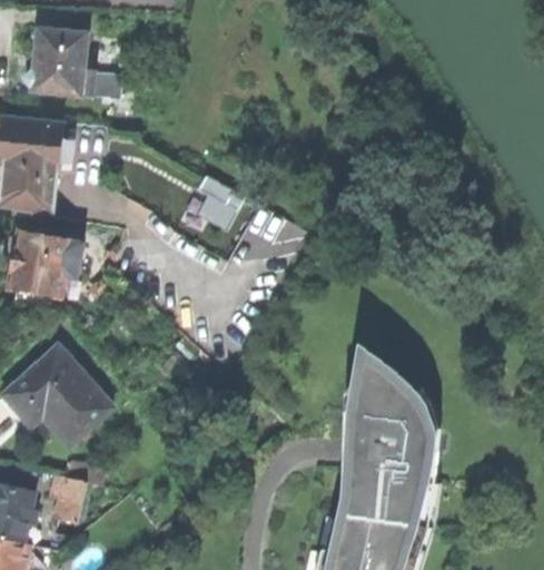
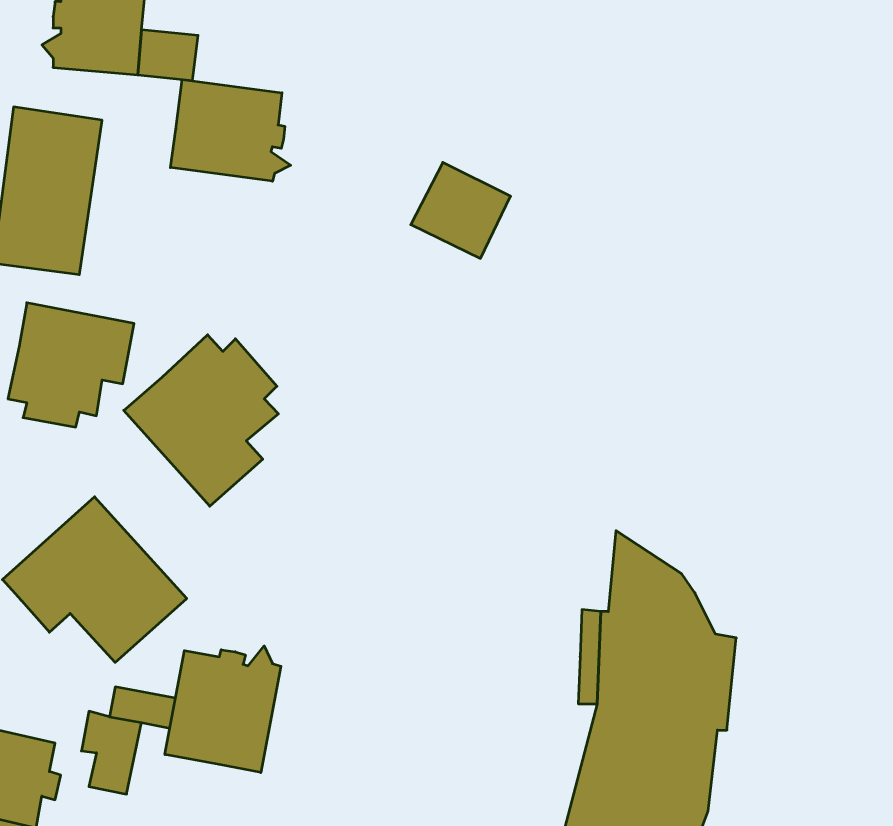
building: none -> [170,80,291,181]
building: [186,174,245,230] -> [411,162,511,258]
building: none -> [124,335,278,506]
building: none -> [165,646,281,773]

